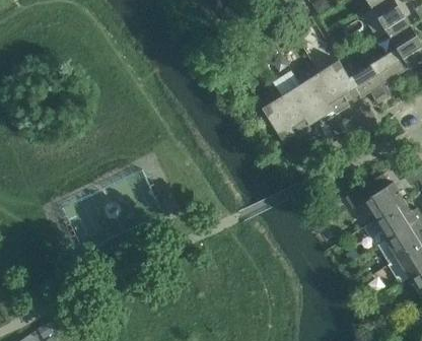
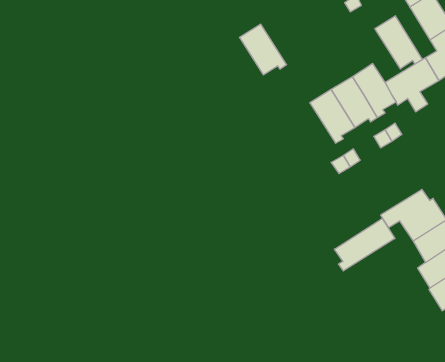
building: none -> [375,16,422,69]
building: [262,95,304,141] -> [239,24,287,75]
building: none -> [334,218,395,271]

